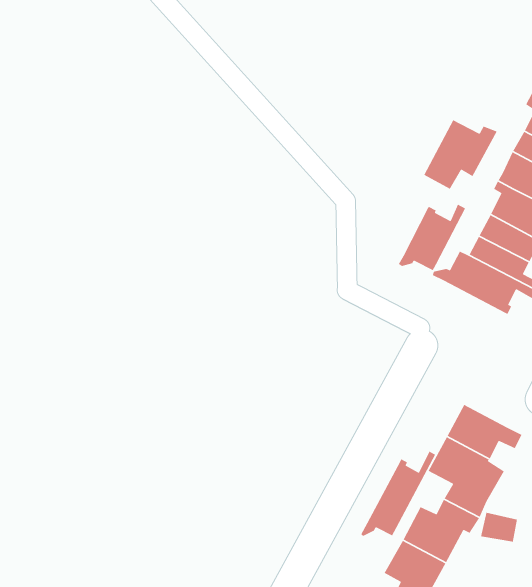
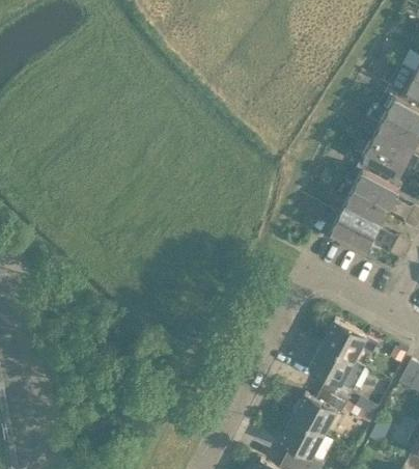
building: [423,119,498,190] -> none
building: [398,204,466,271] -> none
building: [360,450,436,537] -> none

